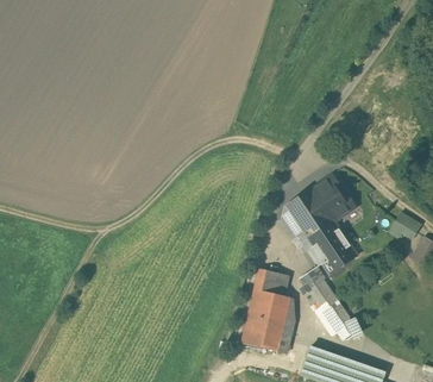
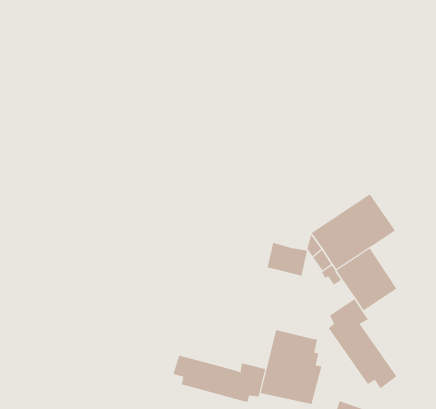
building: [255,267,289,295] -> [267,242,308,276]
building: none -> [173,355,266,403]

